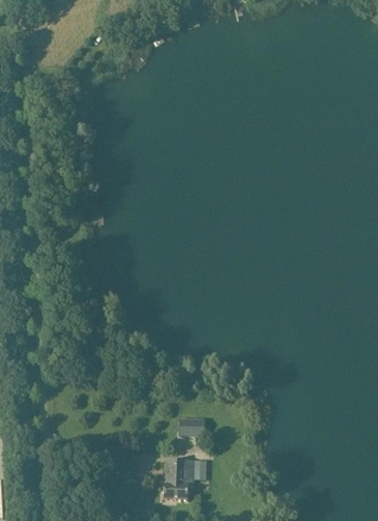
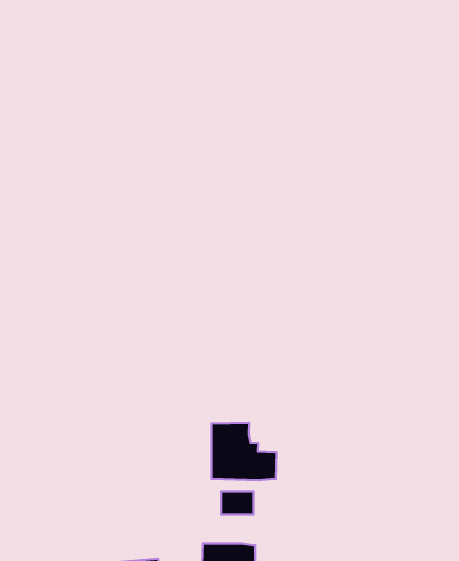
building: none -> [211,423,277,480]

